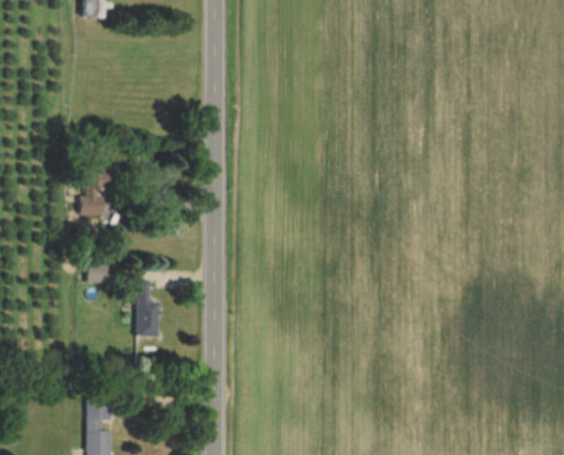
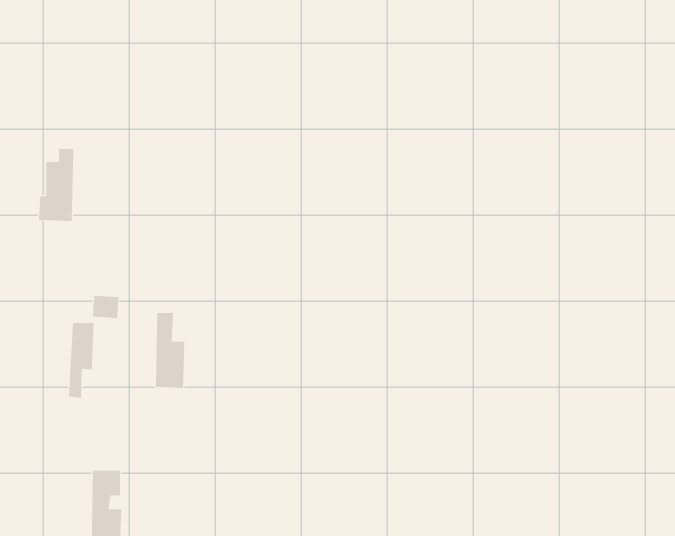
building: [80,160,108,216] -> [38,149,74,222]
building: none -> [68,322,94,398]

